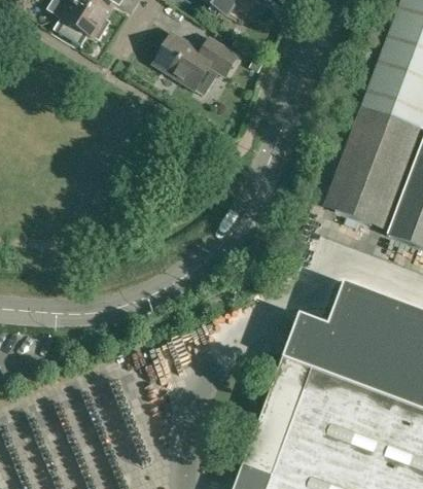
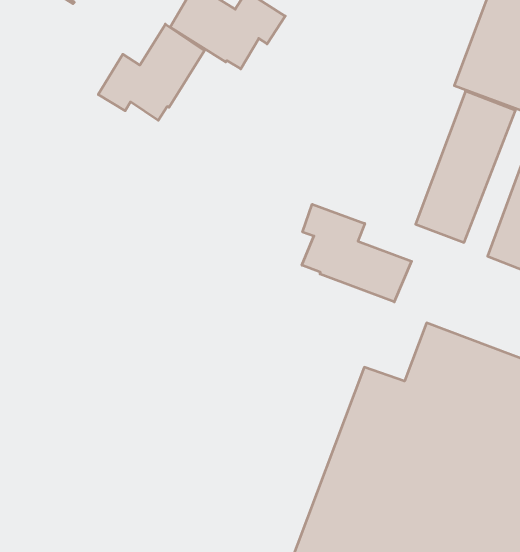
building: none -> [98,24,204,120]
building: none -> [302,204,412,302]

